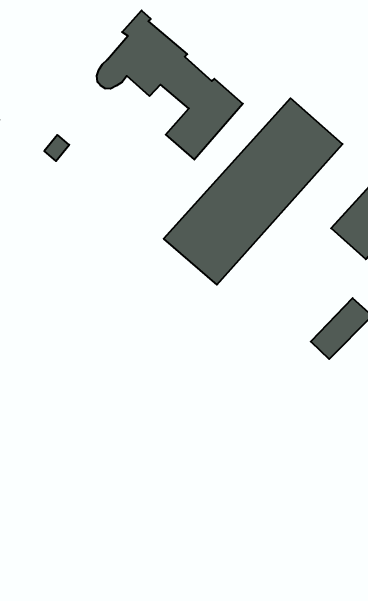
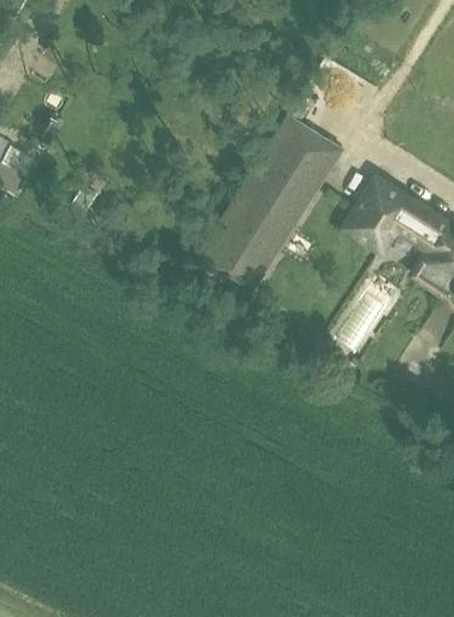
building: [97,10,243,160] -> none

